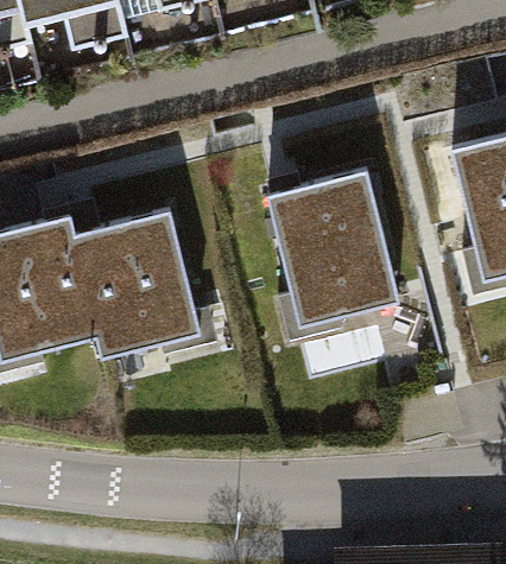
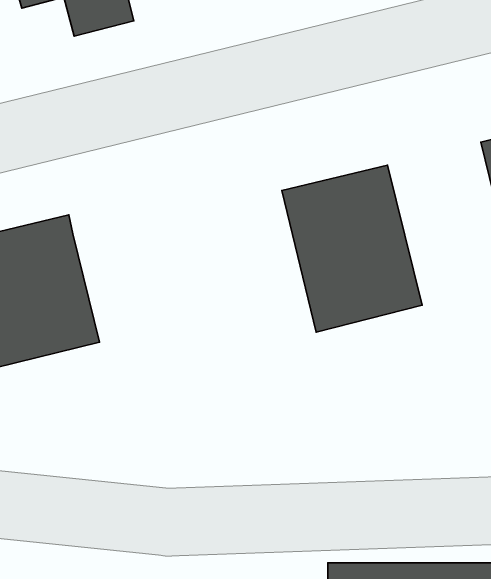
building: [74,211,201,359] -> none

